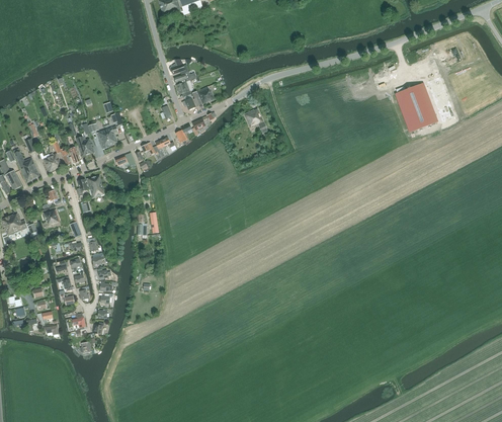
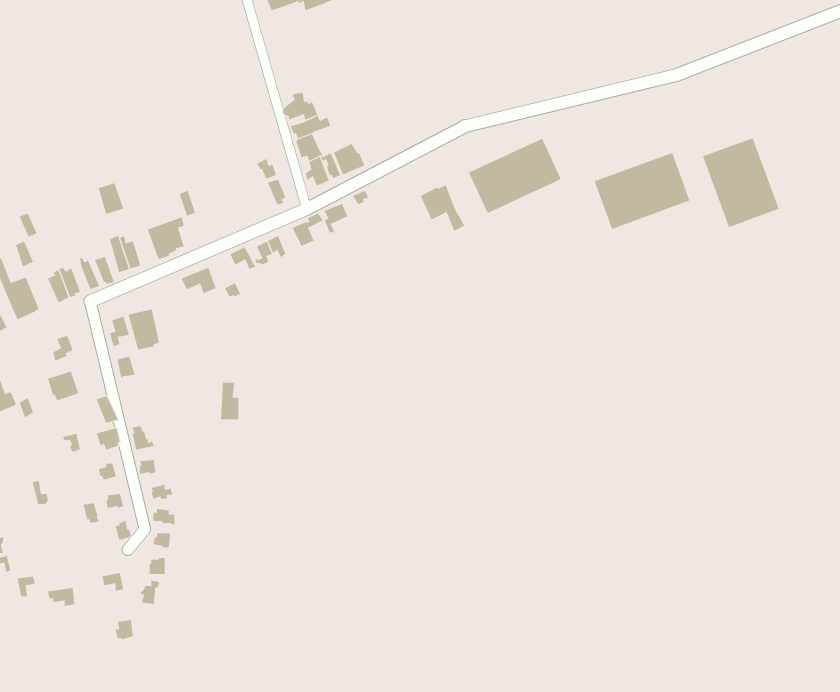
building: none -> [468,138,562,214]
building: none -> [594,152,690,230]

